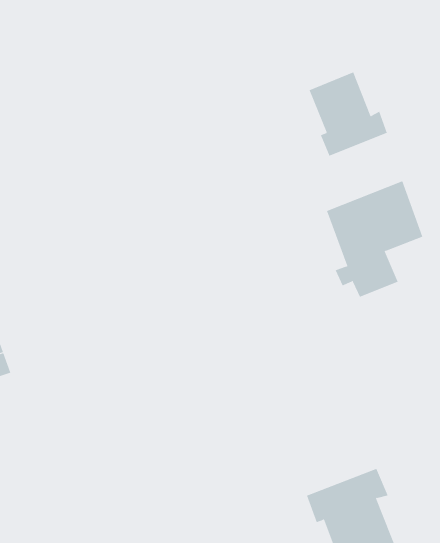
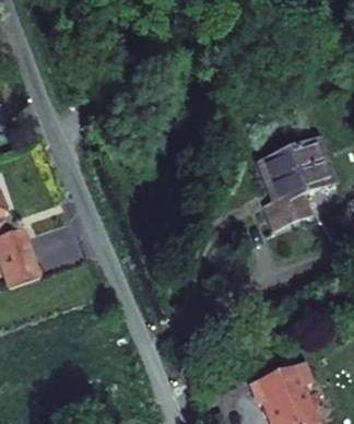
building: [309,71,388,156] -> none

